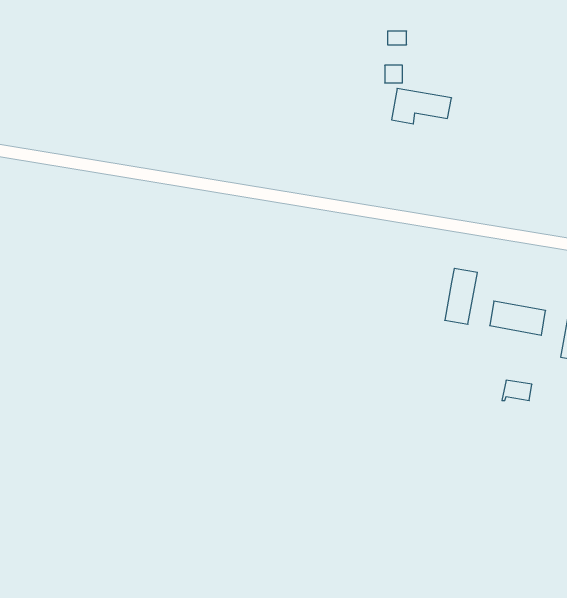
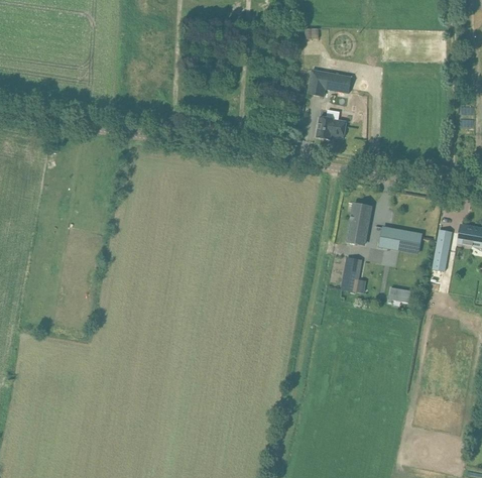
building: none -> [317,110,347,139]
building: none -> [342,257,361,290]

